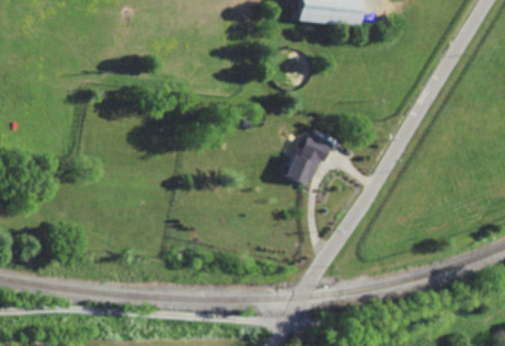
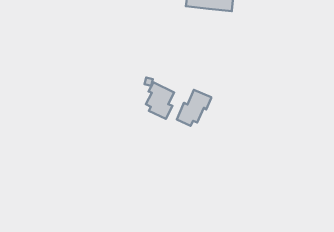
building: none -> [146,82,174,119]

